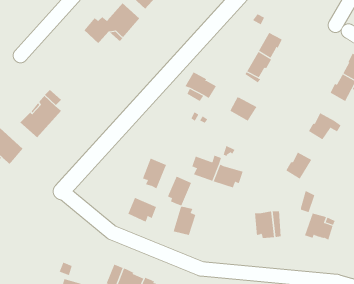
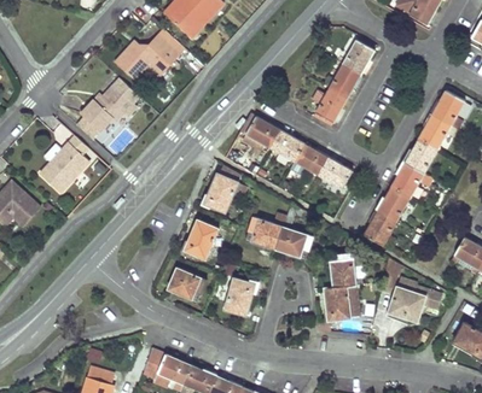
building: none -> [343,40,374,74]
building: none -> [80,87,127,131]
building: none -> [269,130,304,162]
building: none -> [406,140,437,174]
building: none -> [318,159,353,188]
building: none -> [378,187,410,222]
building: [167,176,192,206] -> [207,174,237,211]
building: none -> [330,254,356,287]

